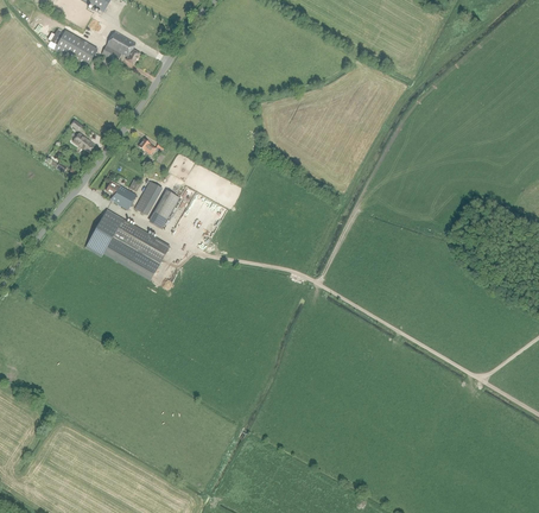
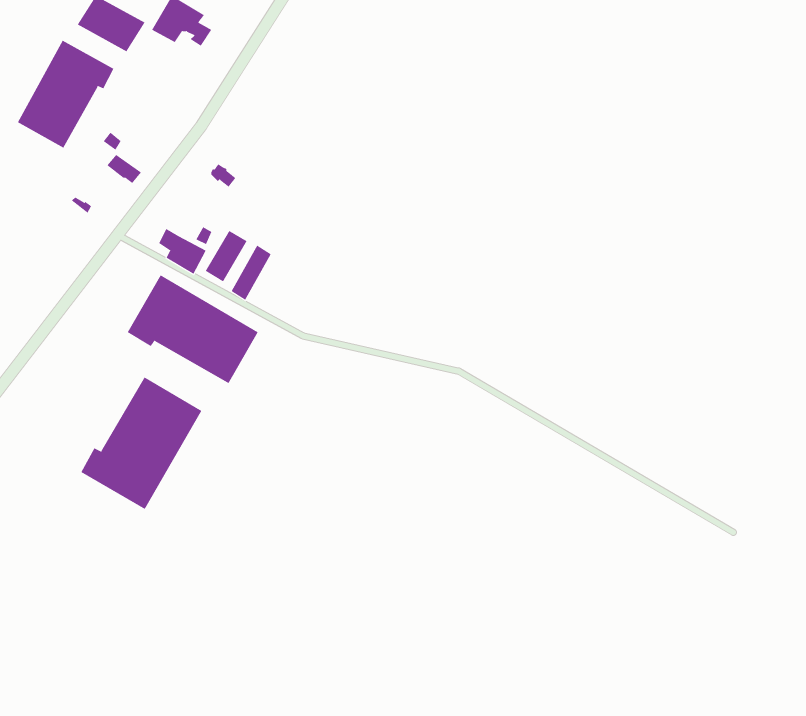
building: none -> [17,40,114,148]
building: none -> [81,377,202,510]

